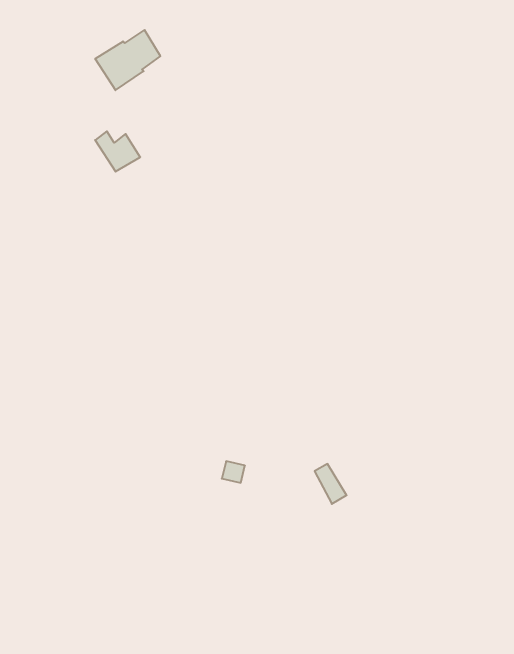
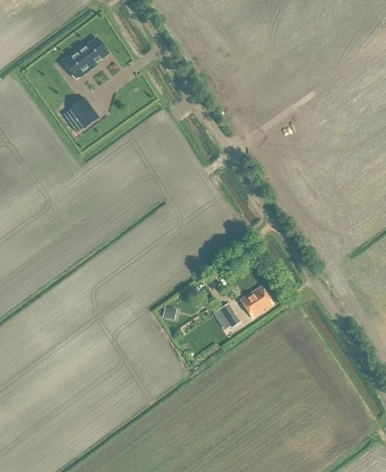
building: none -> [240,287,272,319]

